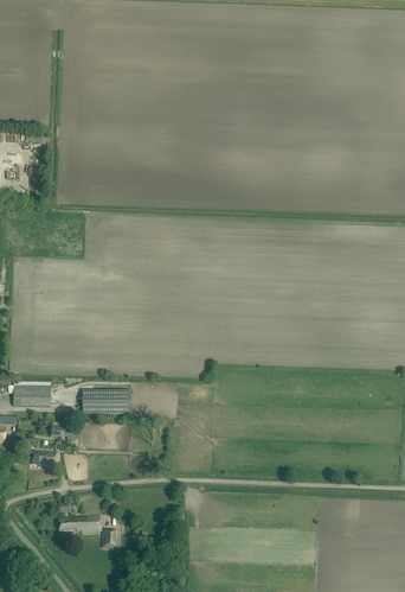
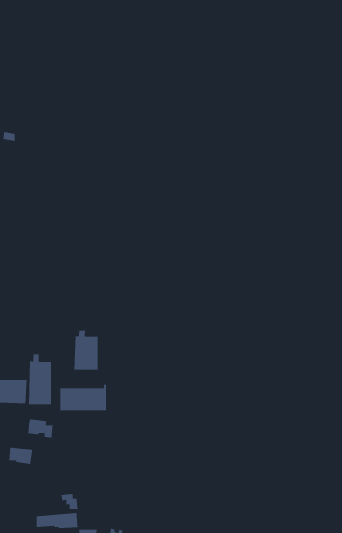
building: none -> [73,330,99,371]
building: none -> [28,354,52,405]

